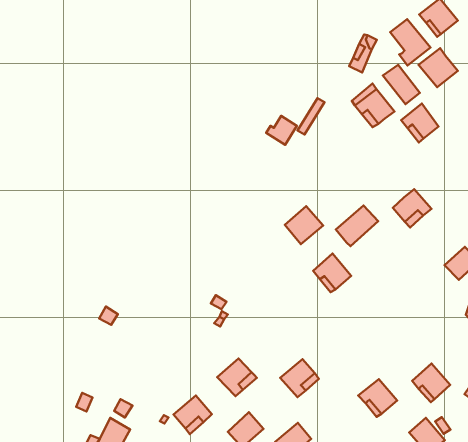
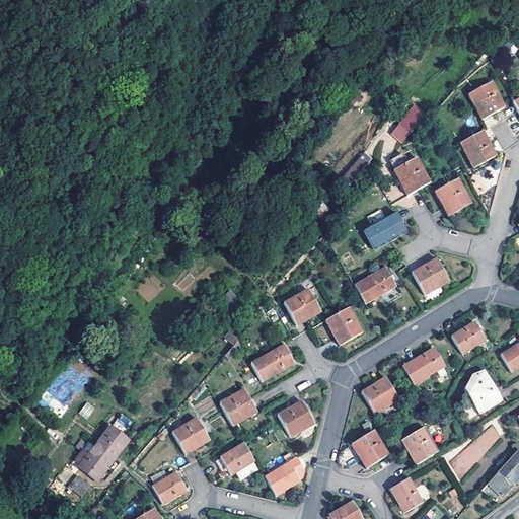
building: [390,19,431,65] -> none
building: [383,65,420,104] -> none
building: [266,116,297,145] -> none
building: none -> [364,213,404,247]
building: [285,206,323,244] -> [285,290,321,325]
building: none -> [404,347,447,383]
building: none -> [250,346,294,382]
building: none -> [362,376,399,413]

